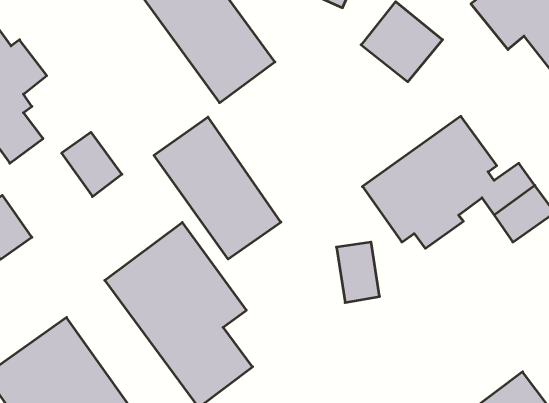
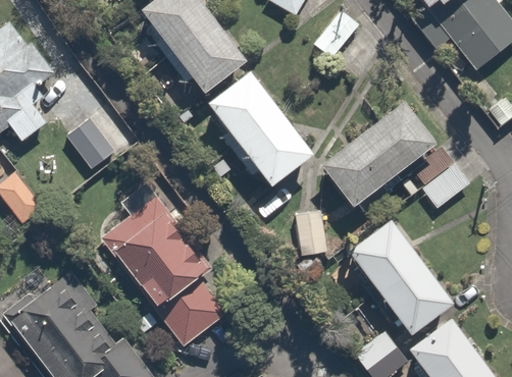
building: [154,117,281,259] -> [205,68,310,185]
building: none -> [342,215,451,331]

